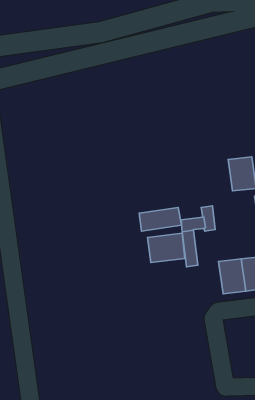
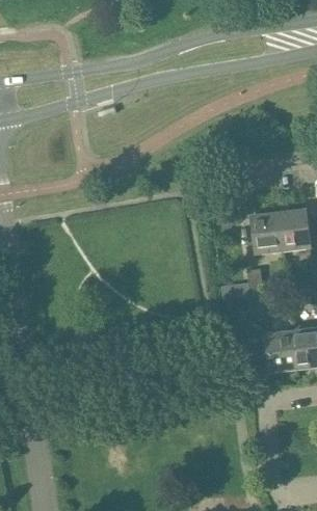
building: none -> [253,213,284,254]
building: [139,207,182,231] -> none
building: [147,233,185,262] -> none

